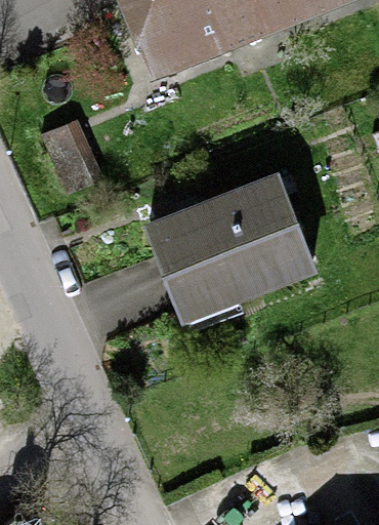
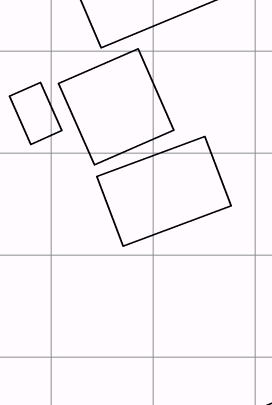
building: none -> [59,49,174,165]

